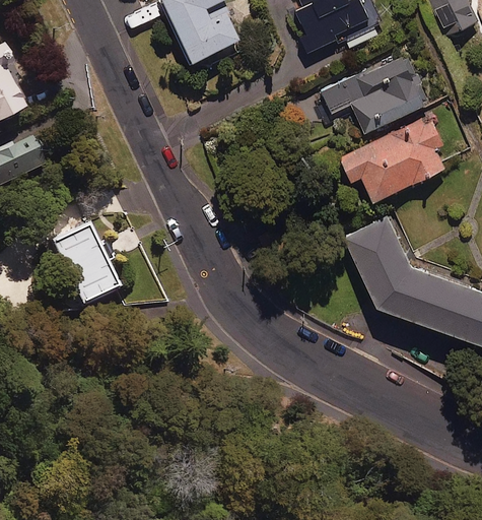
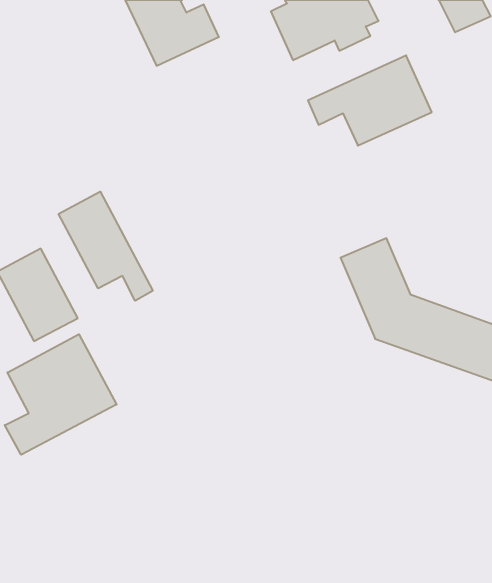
building: [340,117,443,203] -> none
building: none -> [59,192,153,301]
building: none -> [5,334,117,455]

